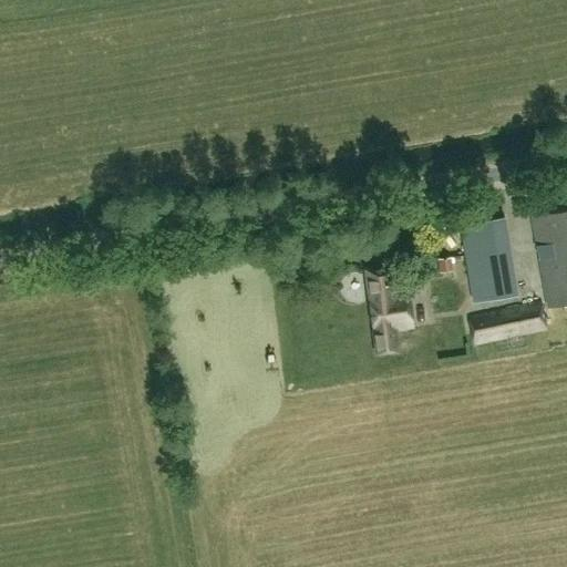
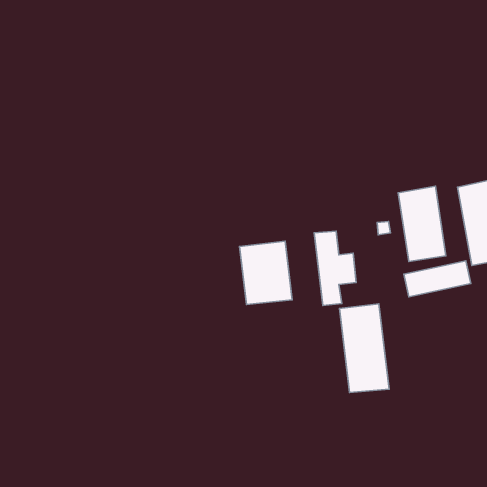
building: none -> [240,241,292,305]
building: none -> [340,304,389,393]

